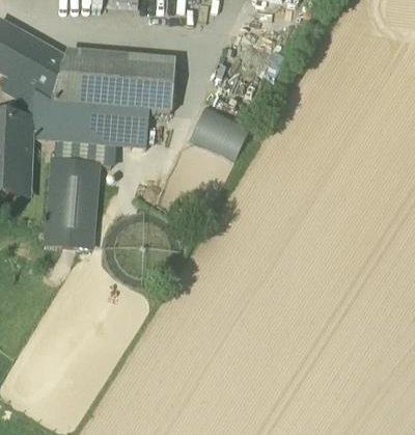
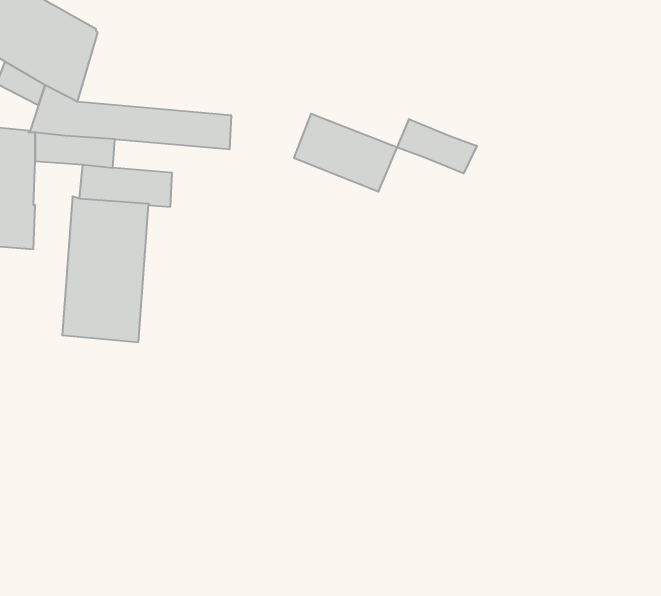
building: [53,48,173,108] -> none
building: none -> [397,119,477,173]
building: [75,121,146,144] -> none

